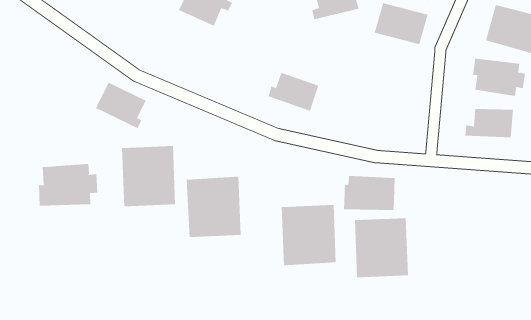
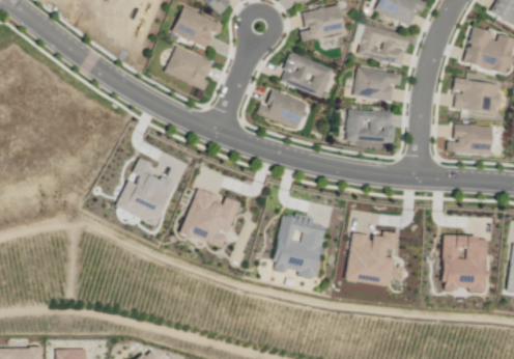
building: none -> [284,54,335,98]
building: none -> [355,66,404,101]
building: [95,82,146,129] -> [166,47,215,91]
building: [38,163,98,207] -> none
building: [343,176,396,211] -> [346,110,396,143]
building: none -> [436,226,488,283]

